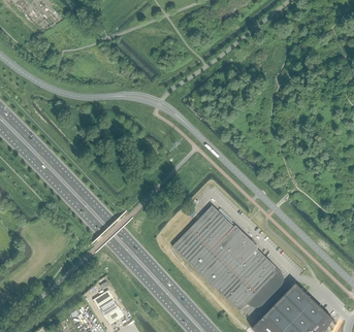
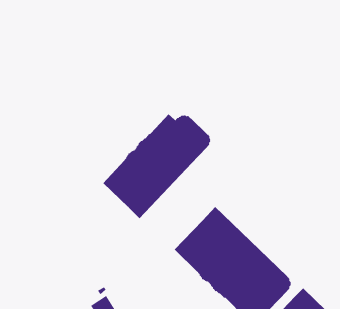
building: none -> [102,113,211,219]

